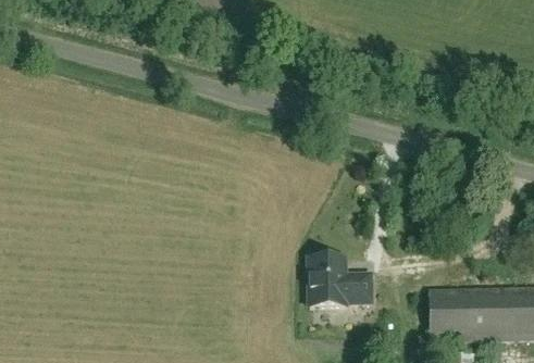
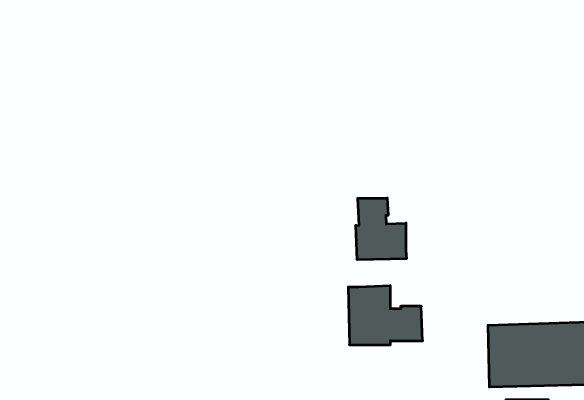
building: none -> [356,198,406,260]

